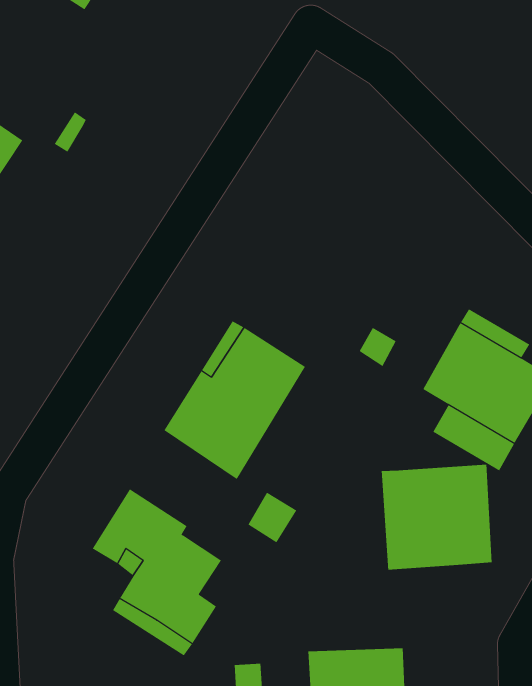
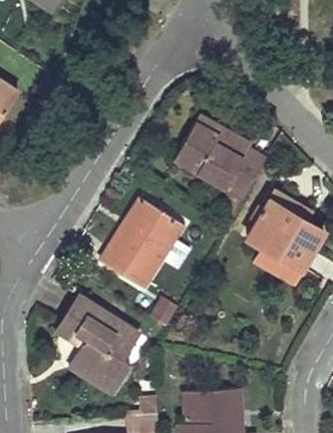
building: none -> [174,114,266,197]
building: [381,464,492,571] -> none

